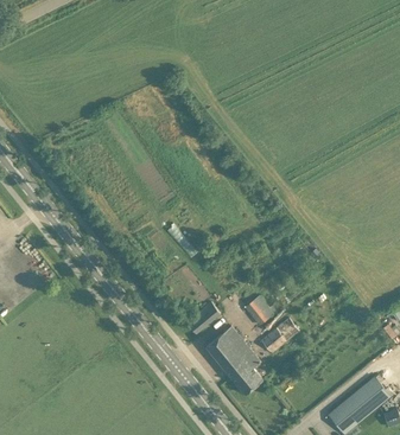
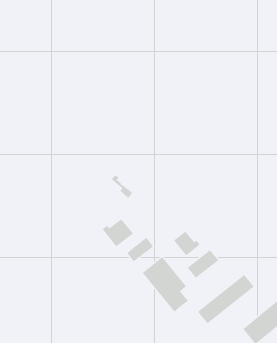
building: none -> [102,218,134,247]
building: none -> [197,274,255,324]

